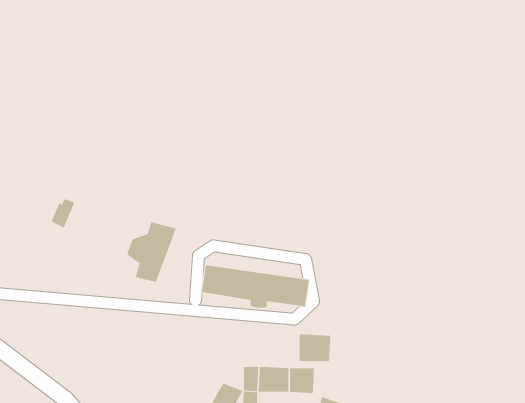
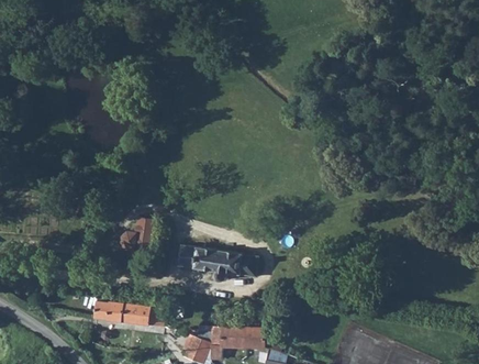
building: none -> [96,299,170,327]
building: [299,334,331,362] -> none

